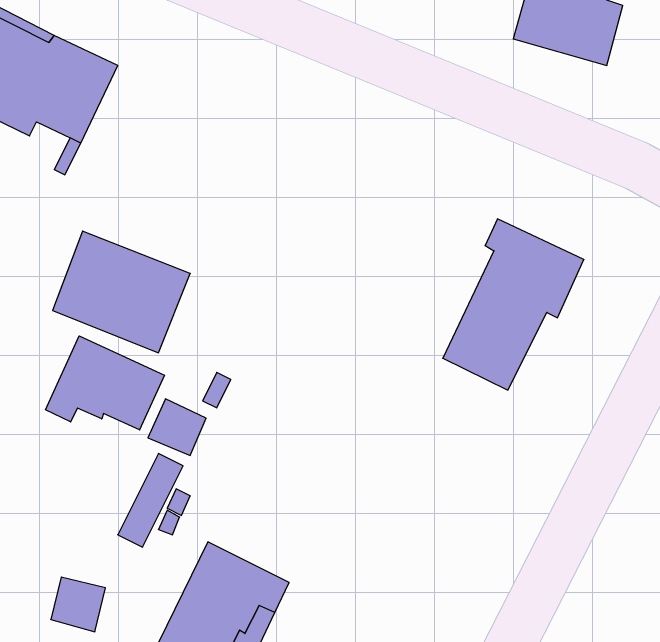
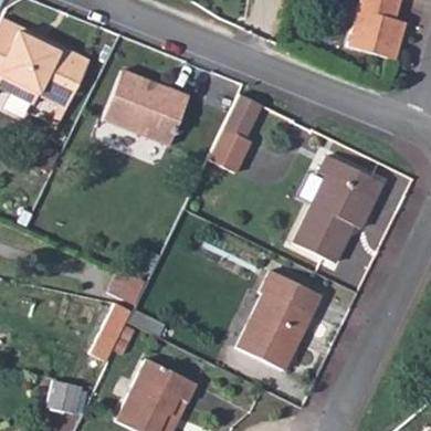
building: none -> [209,94,263,174]
building: [53,231,190,353] -> [104,70,190,146]
building: [46,336,164,430] -> none
building: none -> [238,271,323,370]

